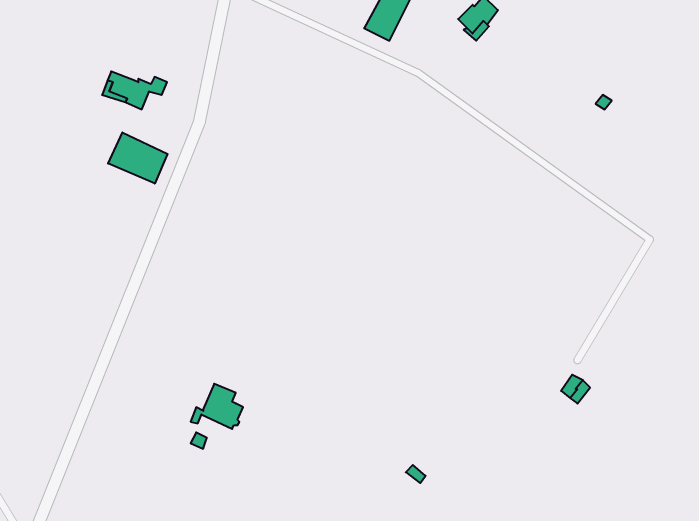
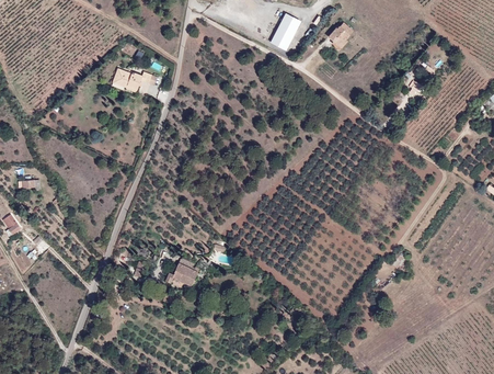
building: [108,132,168,184] -> none

